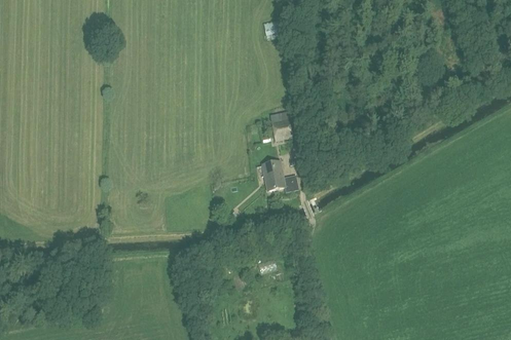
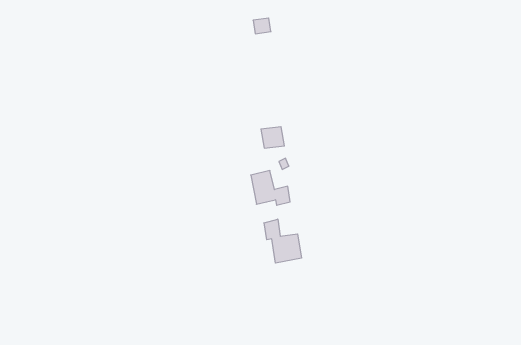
building: none -> [264,219,301,263]

